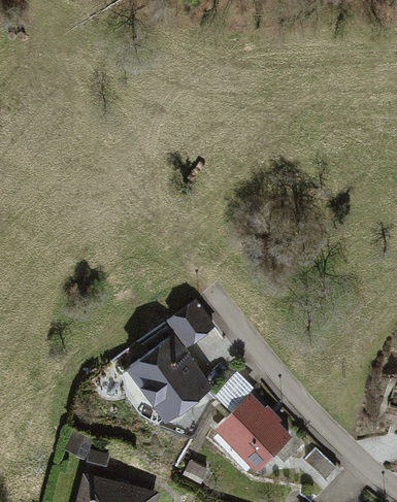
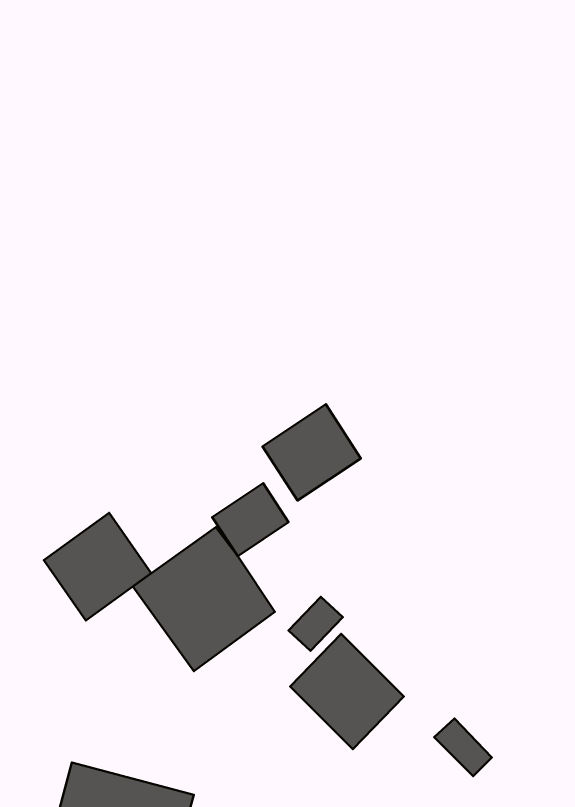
building: none -> [263,404,361,501]
building: none -> [44,513,151,620]

